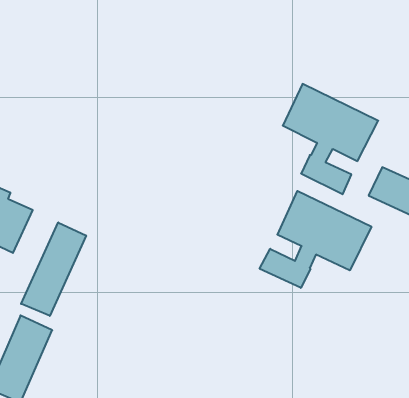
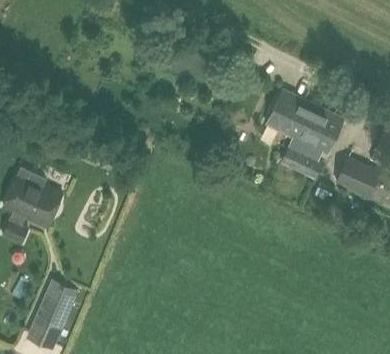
building: [260,191,371,288] -> none
building: [21,222,86,316] -> none

